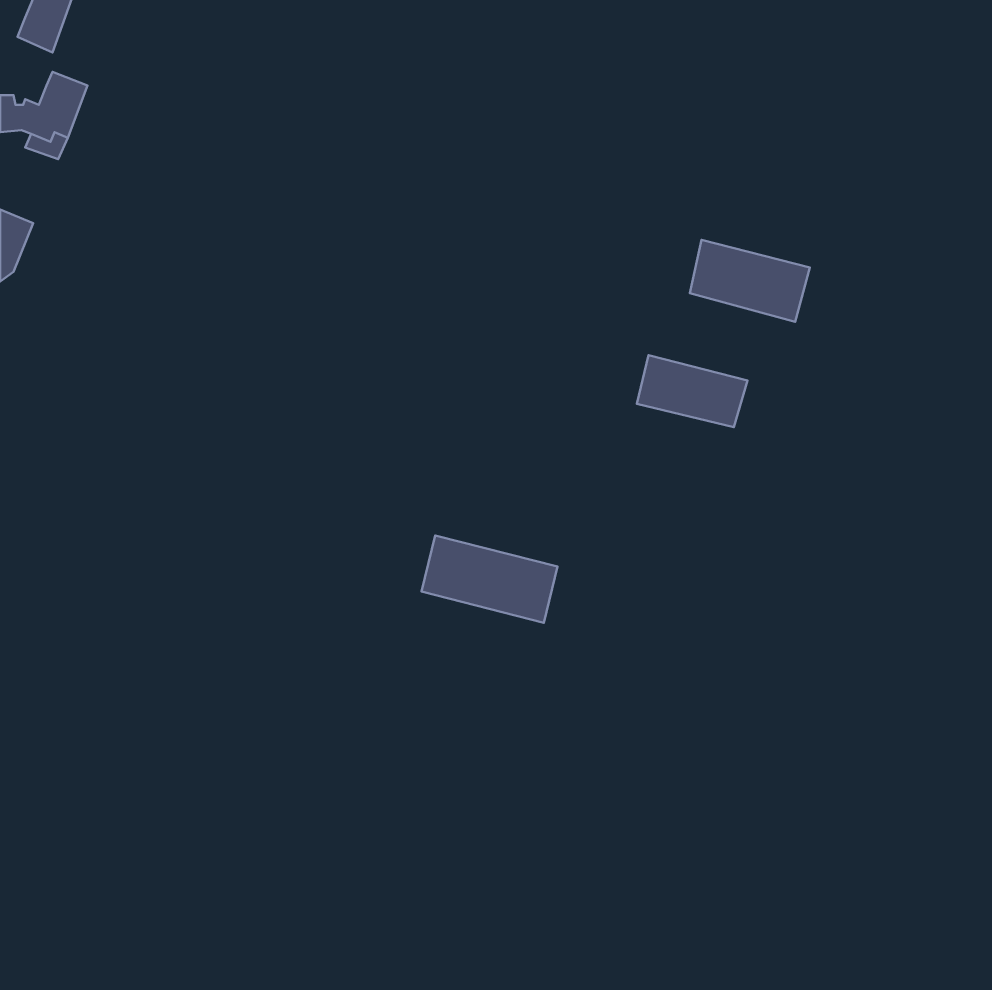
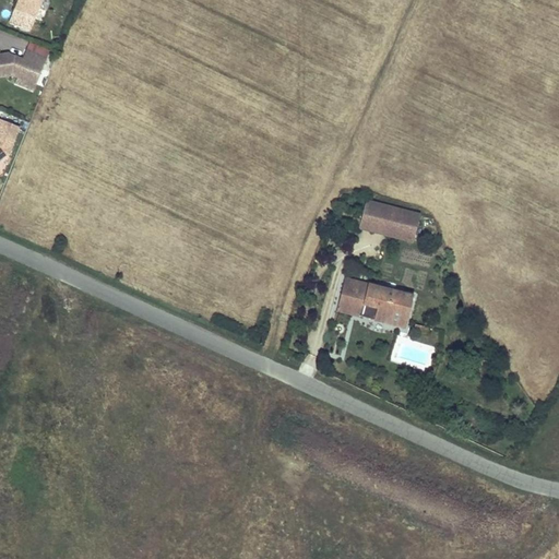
building: [690,240,810,322] -> none
building: [422,535,557,623] -> [336,277,413,326]

